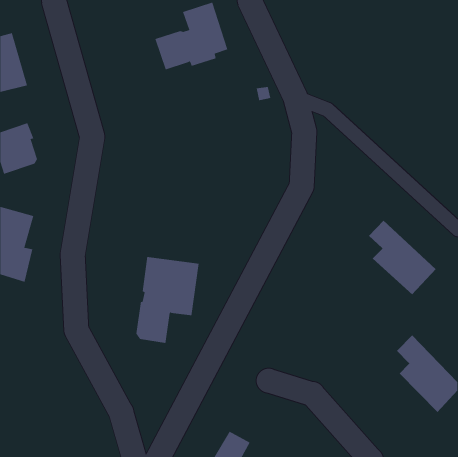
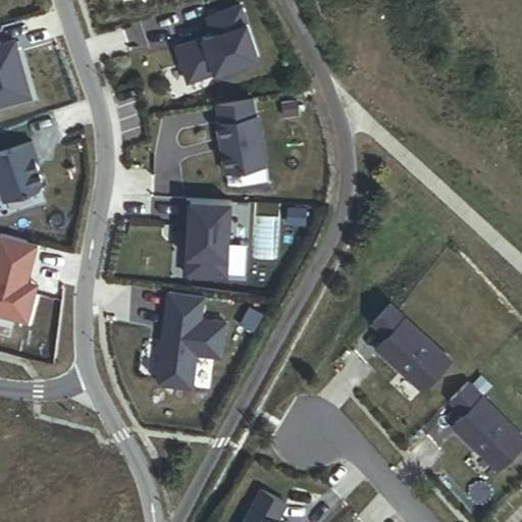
building: none -> [216,100,265,173]
building: none -> [184,201,231,279]
building: [368,220,437,295] -> [372,305,450,390]

